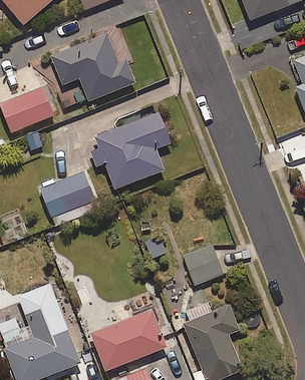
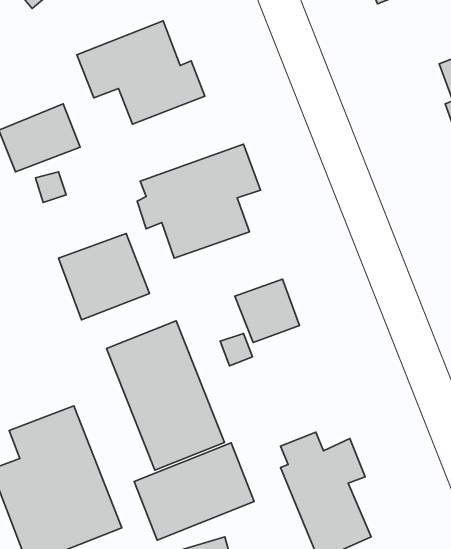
building: none -> [106,321,224,470]
building: [183,245,225,286] -> [235,279,299,342]

